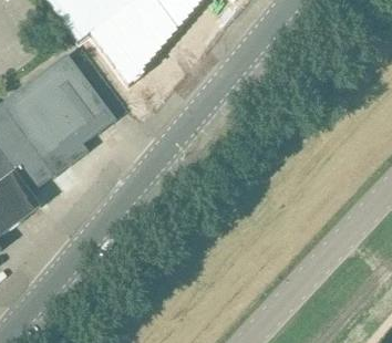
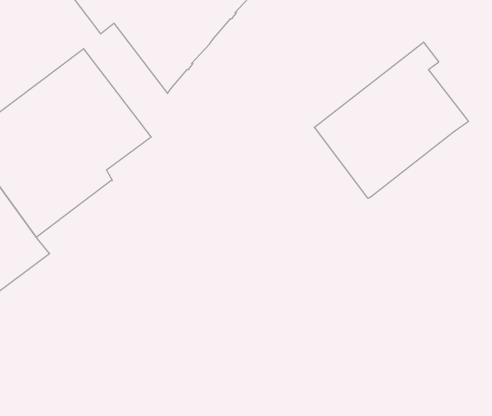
building: none -> [314,42,468,198]

